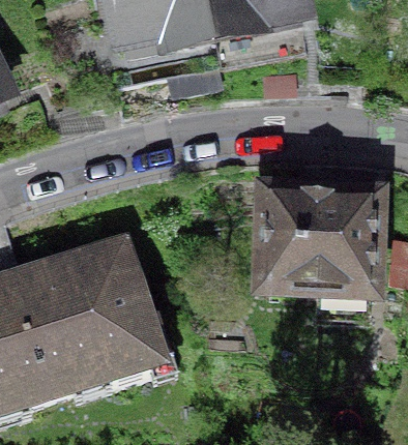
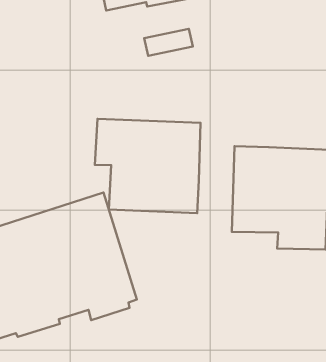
building: none -> [95,119,200,213]

